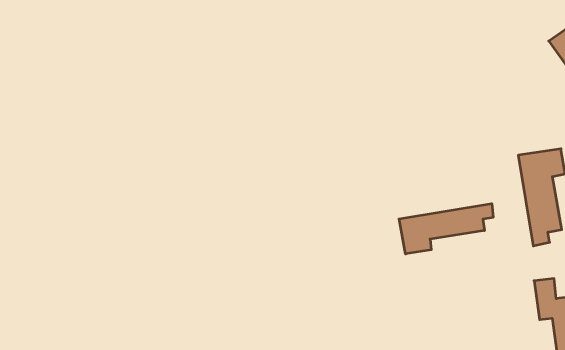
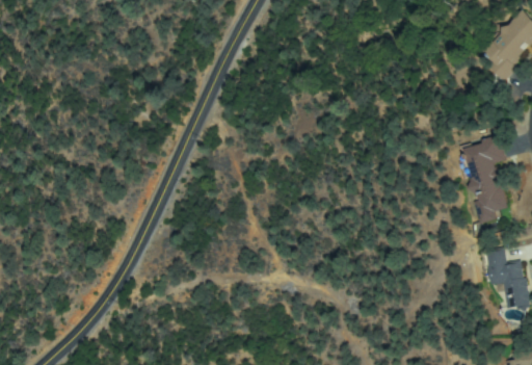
building: [399,204,493,254] -> none

